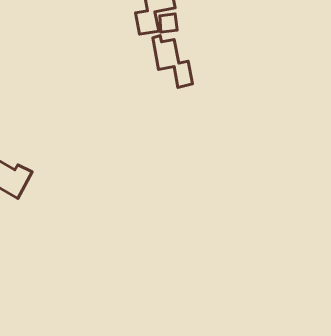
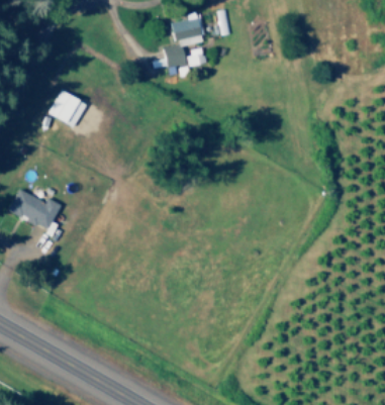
building: [153,35,193,87] -> none
building: none -> [47,89,86,127]

